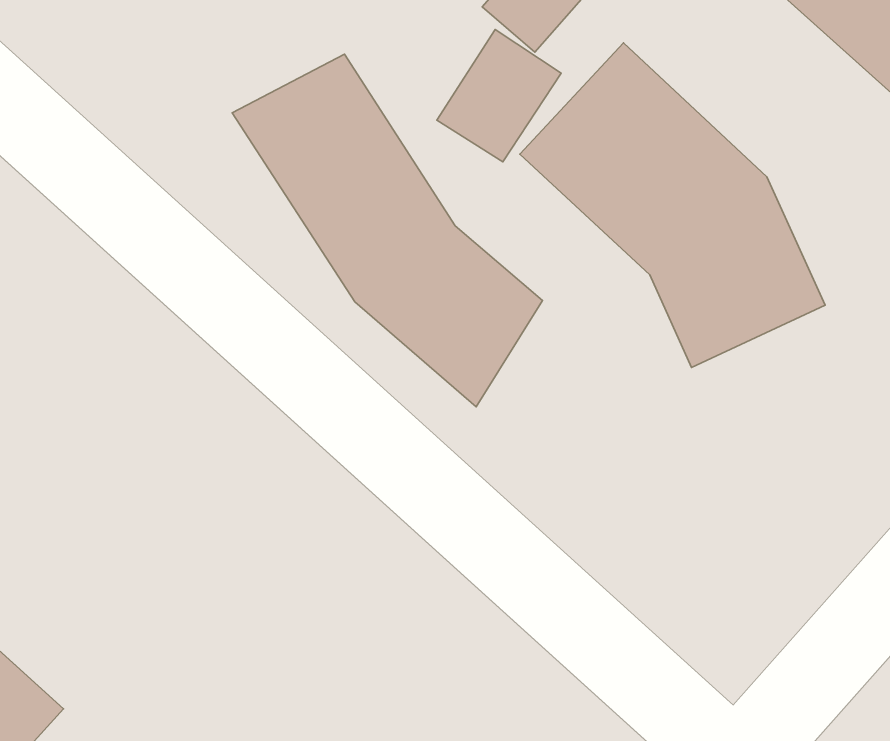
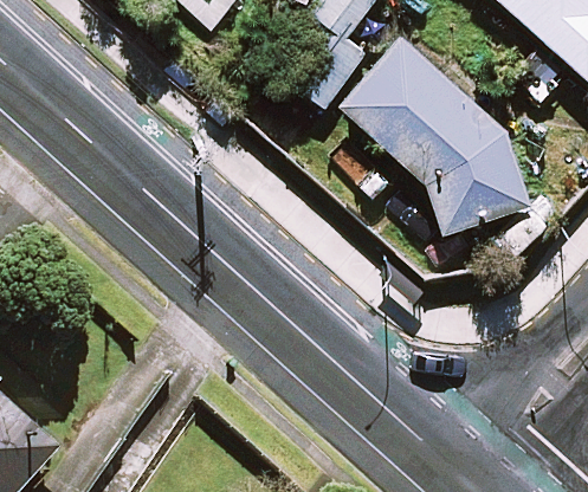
building: [232,54,543,407] -> none

